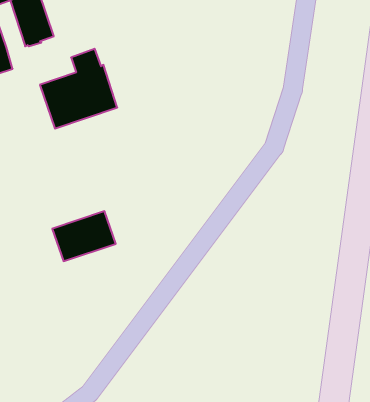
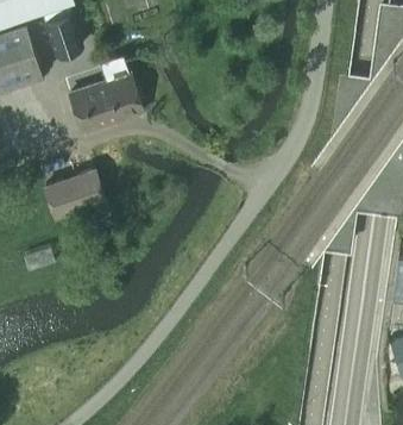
building: [52,211,116,261] -> [44,173,105,220]

